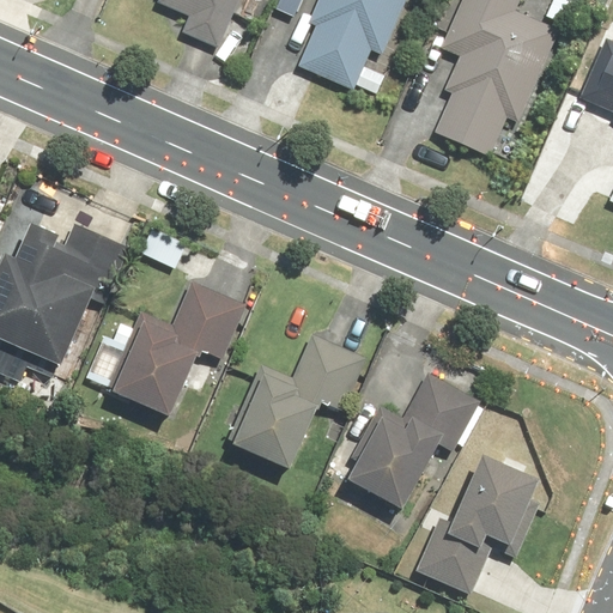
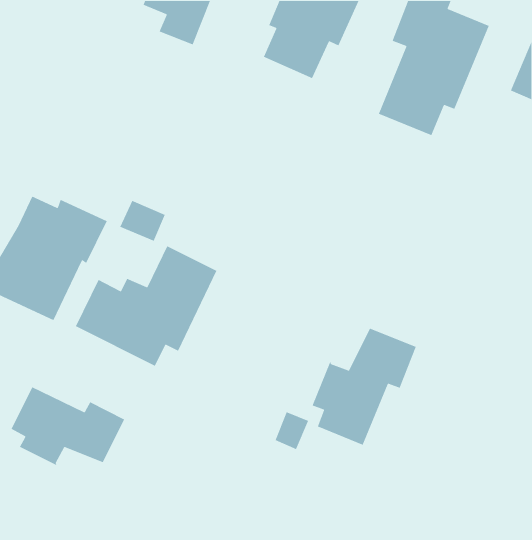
building: [230,338,363,466] -> none
building: none -> [11,386,125,466]
building: [414,455,550,596] -> none

